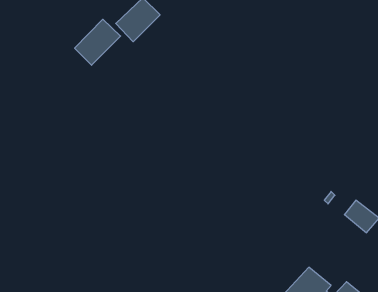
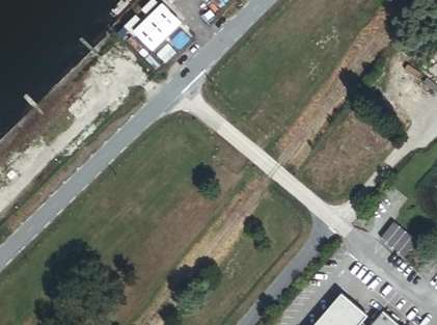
building: [75,19,121,65] -> none

